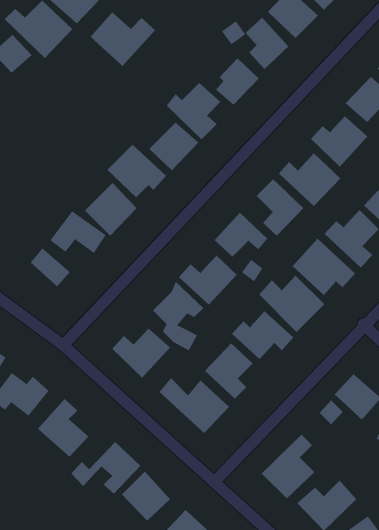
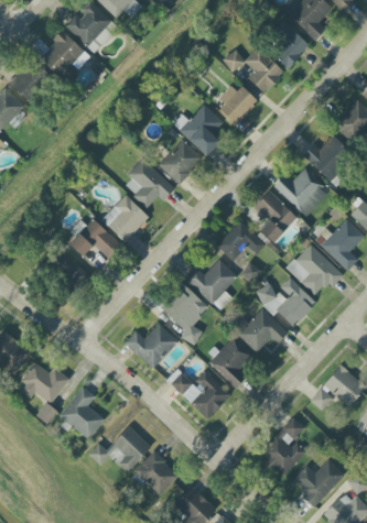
building: [90,12,156,67] -> none

